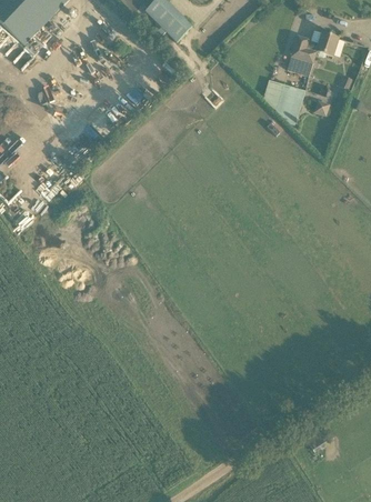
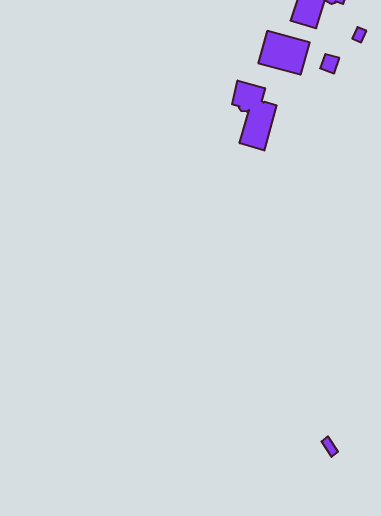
building: none -> [232,80,277,151]

